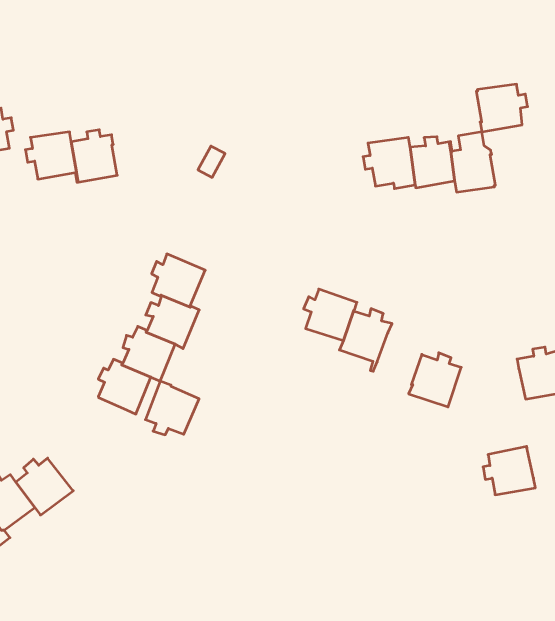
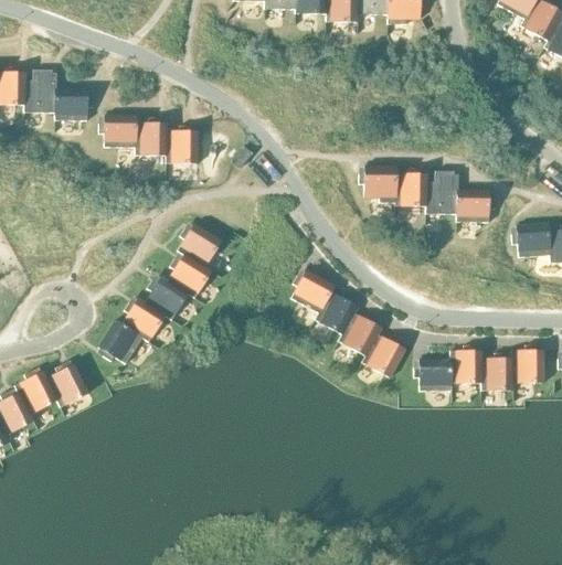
building: [476,84,528,132] -> [456,188,495,221]
building: none -> [166,125,199,162]
building: none -> [338,306,382,362]
building: [145,381,199,435] -> [98,318,142,362]
building: [483,446,535,495] -> [414,356,452,390]

